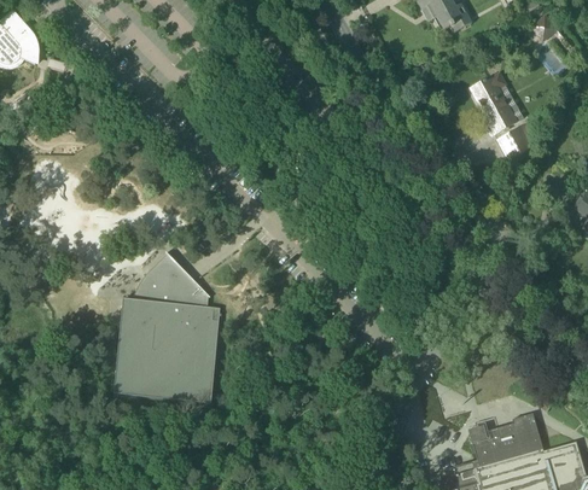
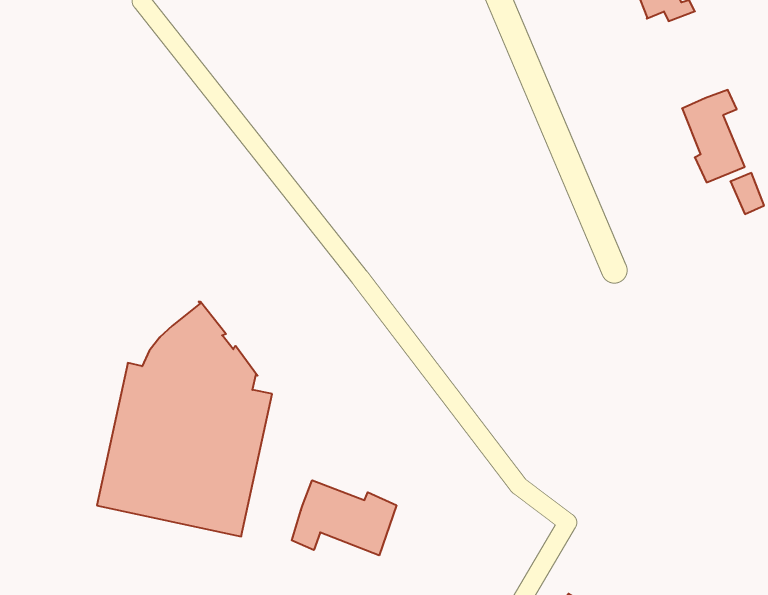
building: none -> [292,480,396,555]

